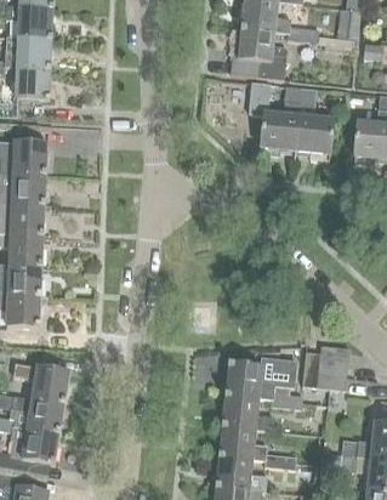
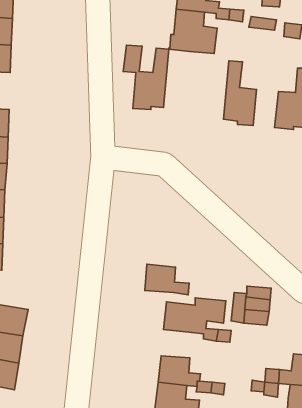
building: [247,81,300,155] -> [123,45,169,110]
building: [222,394,273,430] -> [145,264,189,295]

